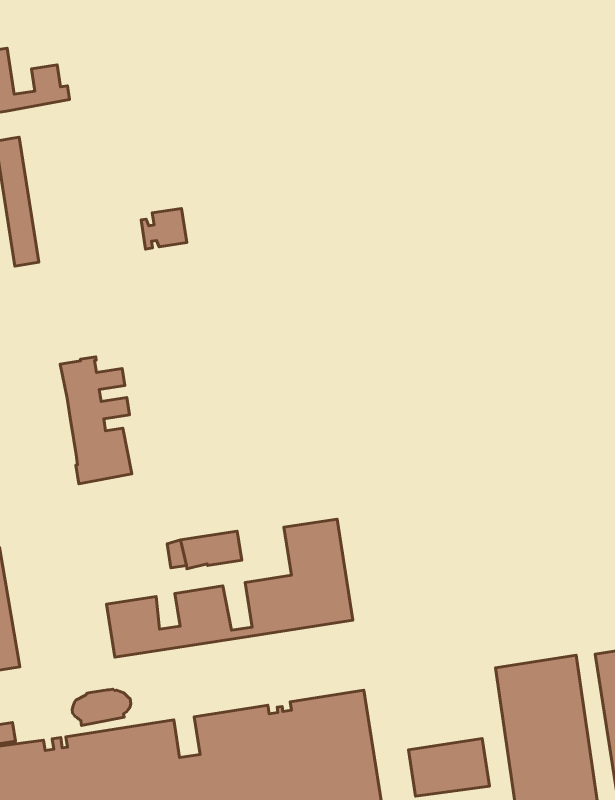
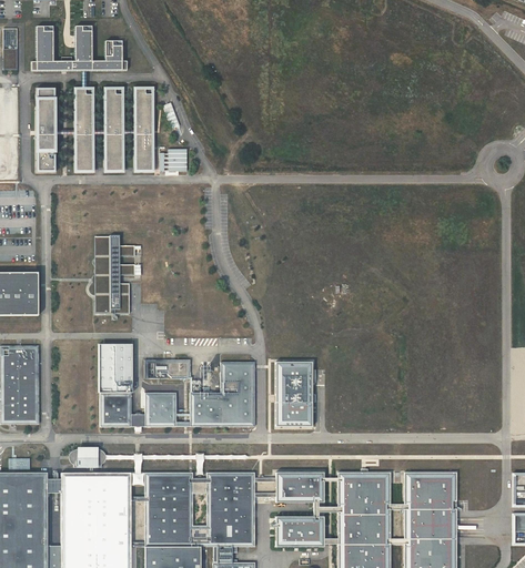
building: none -> [135,89,151,170]
building: none -> [105,89,121,170]
building: none -> [276,363,313,427]
building: none -> [99,344,132,393]
building: none -> [276,471,325,503]

